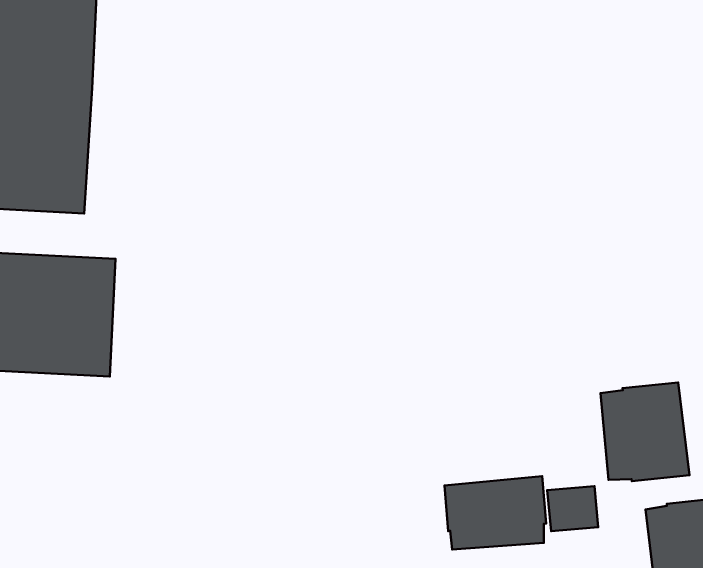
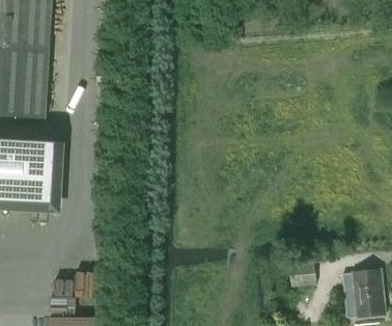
building: [600,382,689,481] -> none
building: [445,476,546,549] -> none

